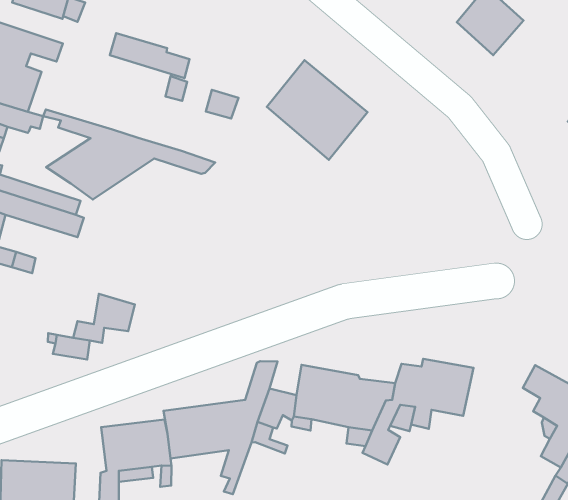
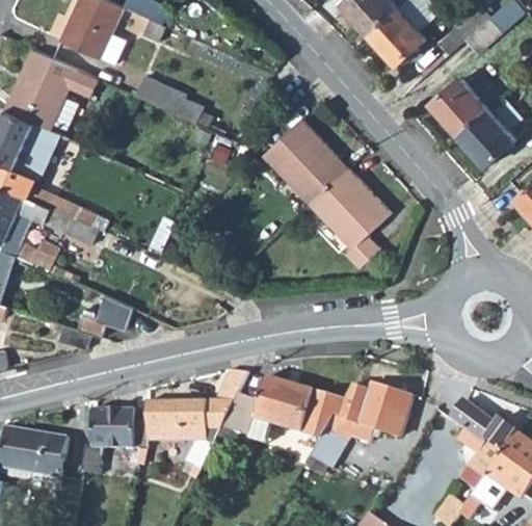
building: none -> [459,108,515,165]
building: [43,109,215,199] -> none
building: none -> [311,169,391,269]

